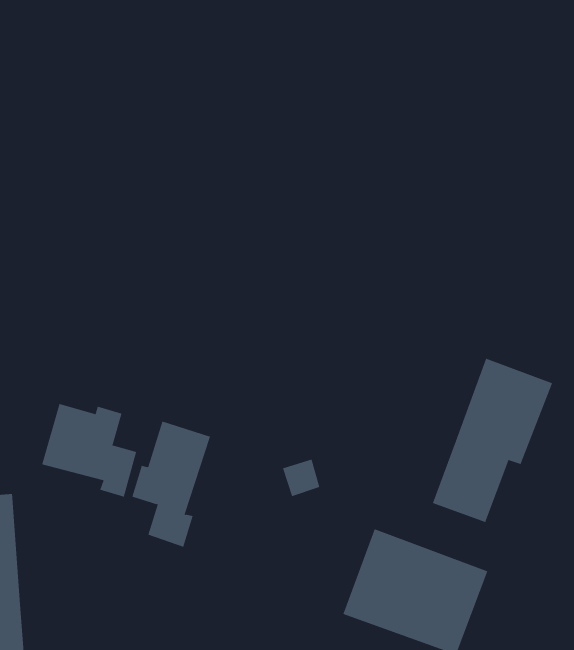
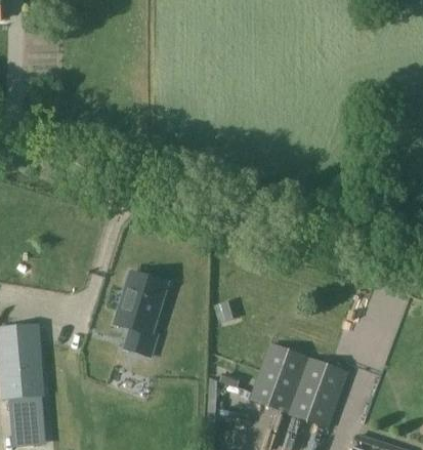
building: [432,358,553,523] -> none
building: [41,403,137,498] -> none

